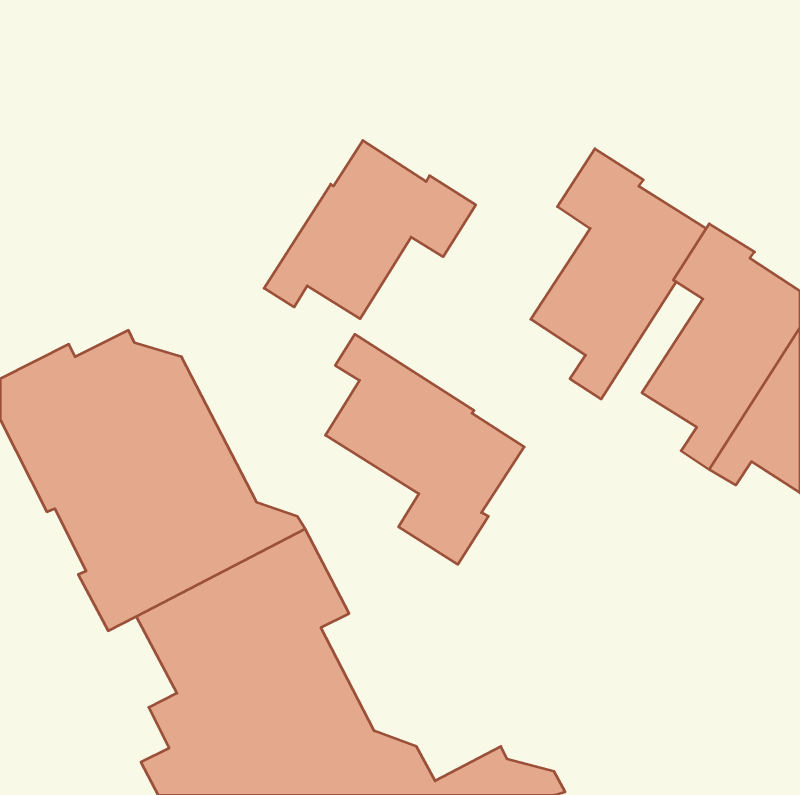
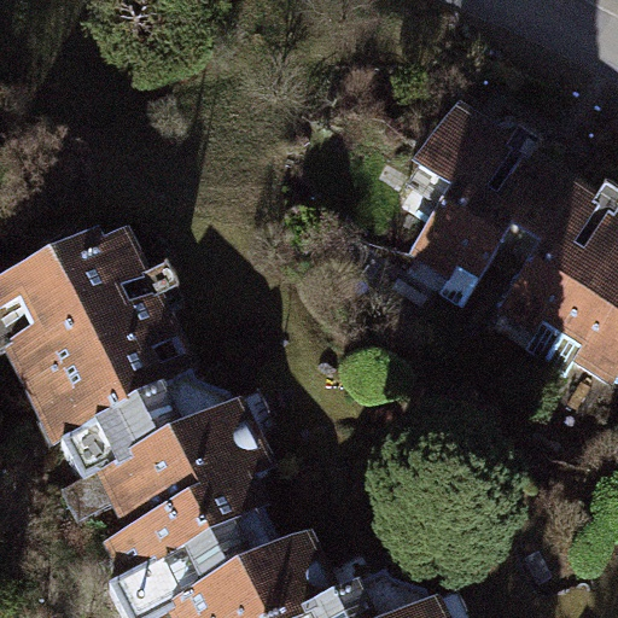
building: [264,140,476,319] -> none
building: [325,334,524,564] -> none

